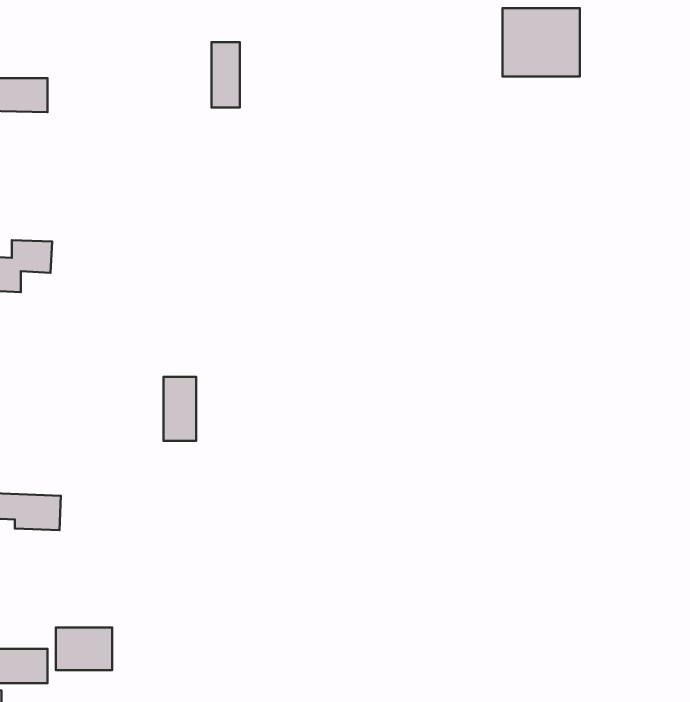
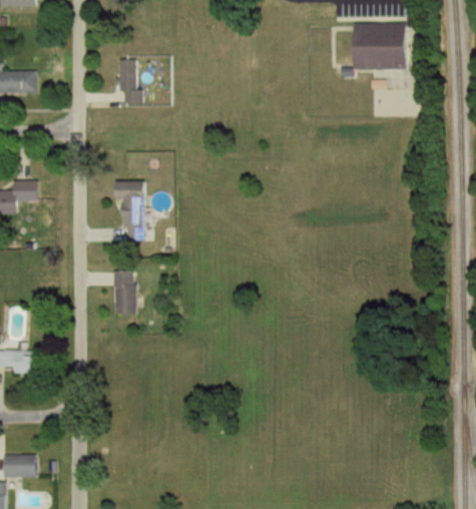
building: [212,42,240,107] -> [119,59,138,103]
building: none -> [114,181,146,242]
building: [56,627,112,670] -> none

